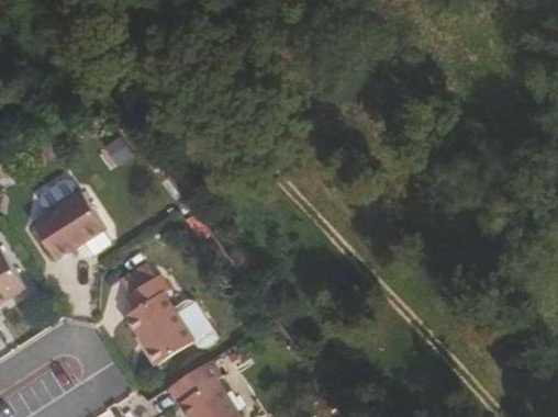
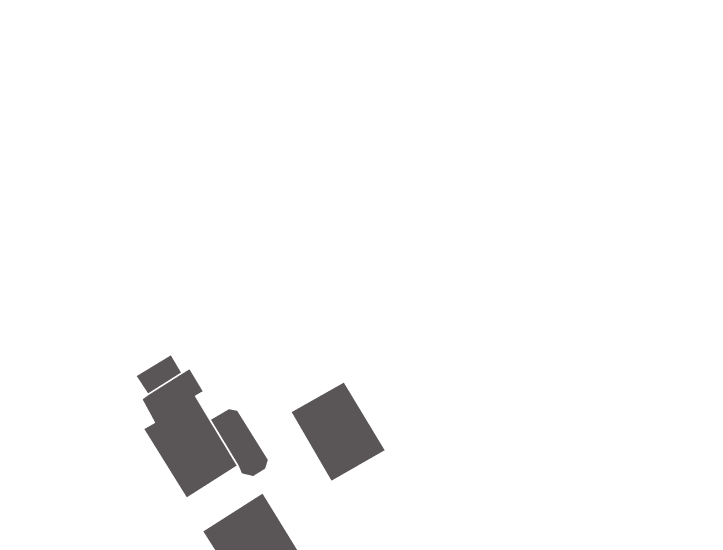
building: [27,190,100,260] -> none
building: none -> [290,382,386,482]

